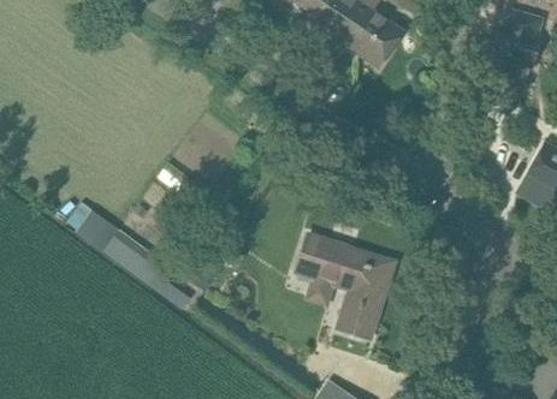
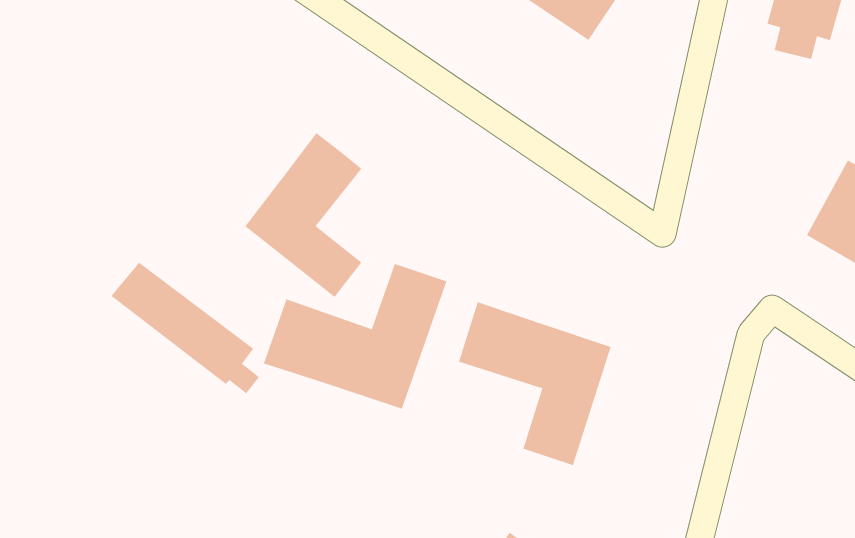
building: none -> [244,132,362,298]
building: none -> [263,263,447,409]

